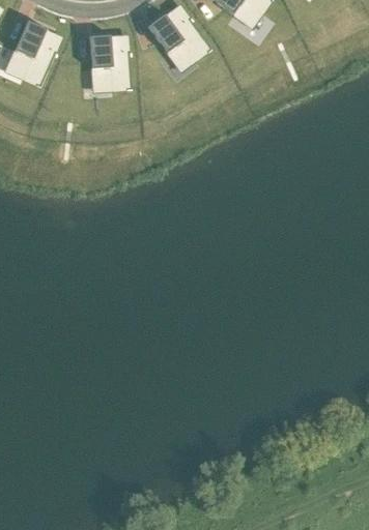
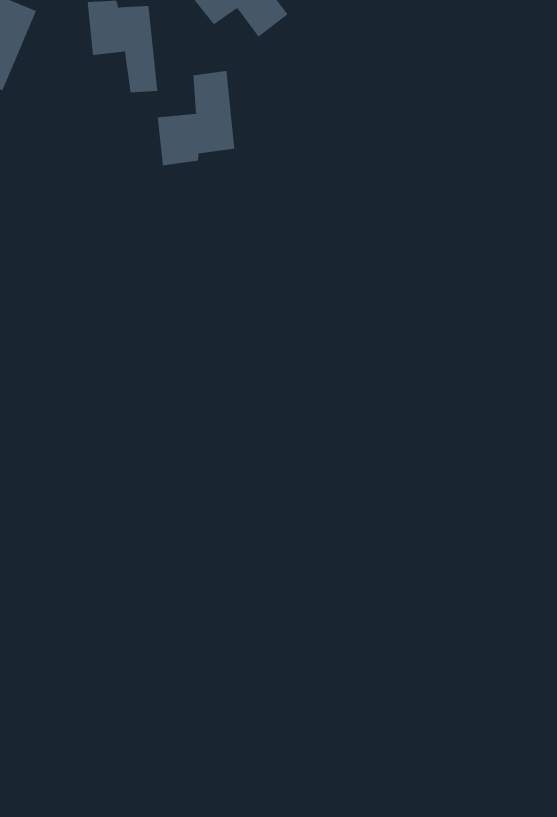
building: none -> [157,70,235,166]

